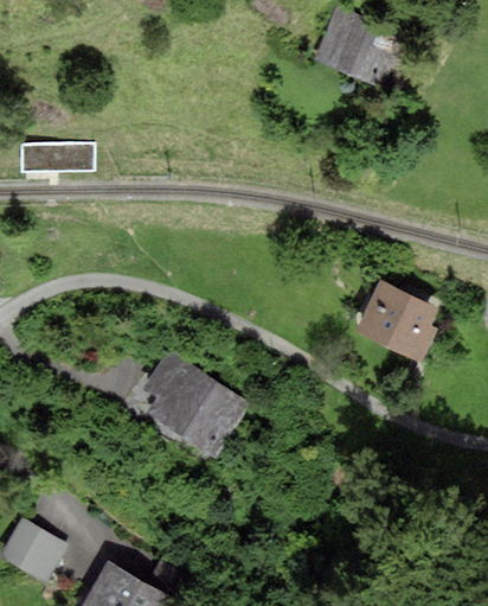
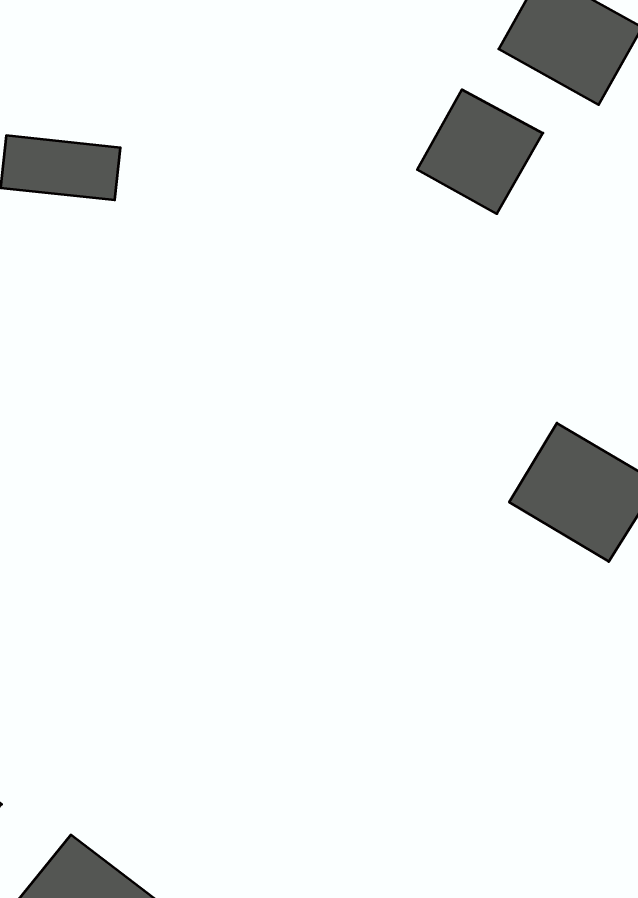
building: none -> [417,90,543,214]
building: [149,353,245,451] -> none

